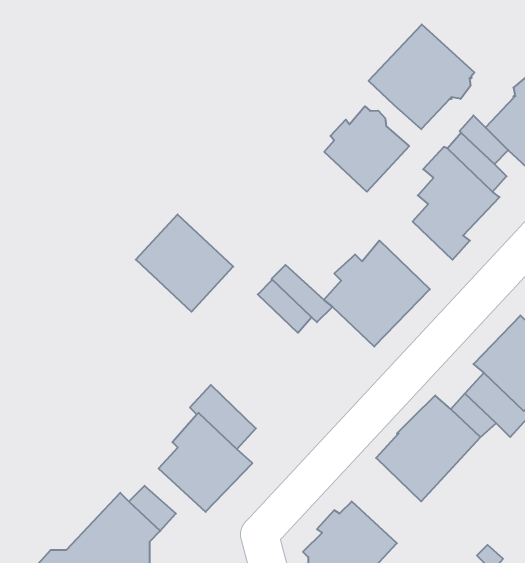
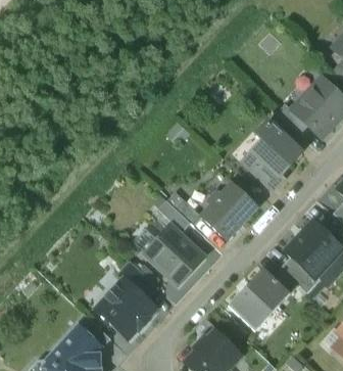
building: [369,24,474,129] -> none
building: [324,106,409,192] -> none
building: [136,214,233,312] -> [145,227,202,284]

